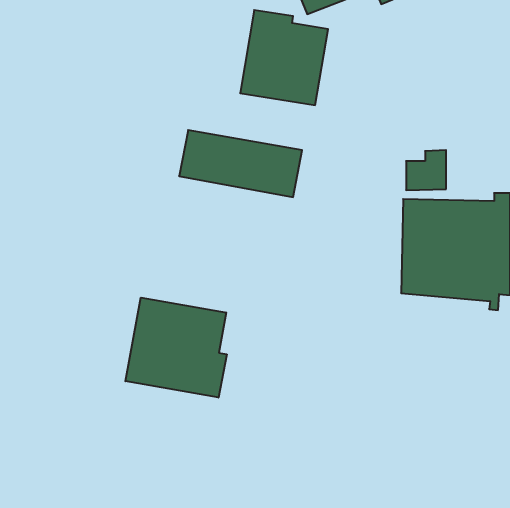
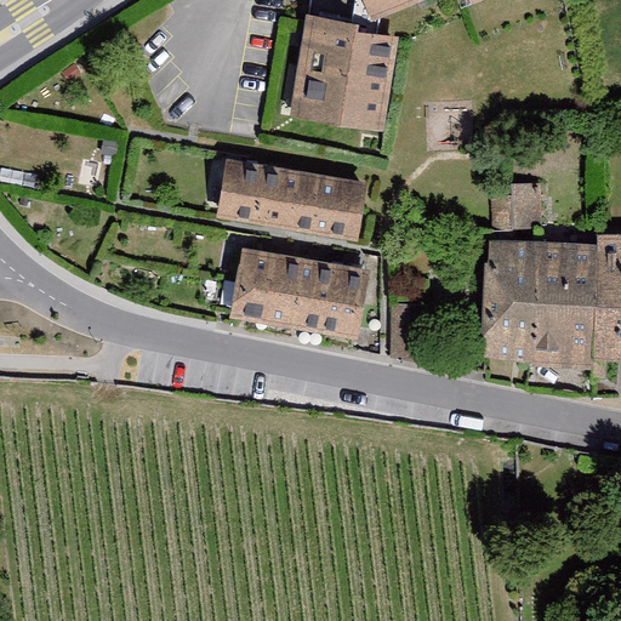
building: none -> [232,247,366,336]
building: [125,298,227,398] -> none

